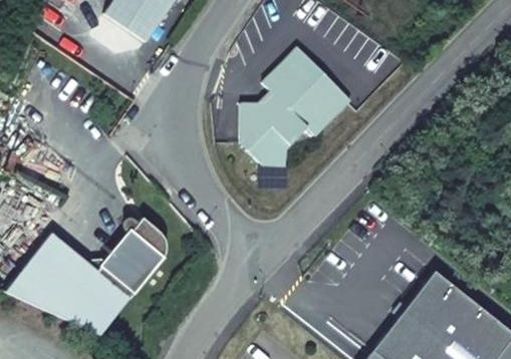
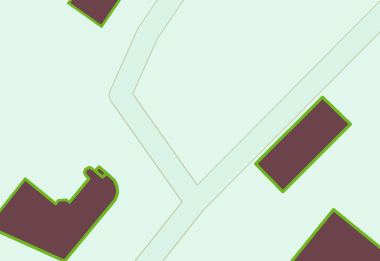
building: [240,47,350,166] -> none
building: none -> [256,97,351,192]

